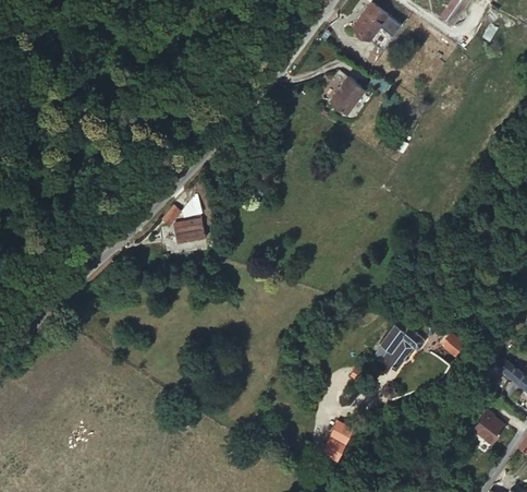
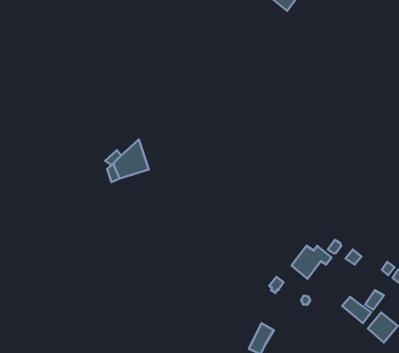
building: [327,76,365,115] -> none
building: none -> [342,297,371,323]

